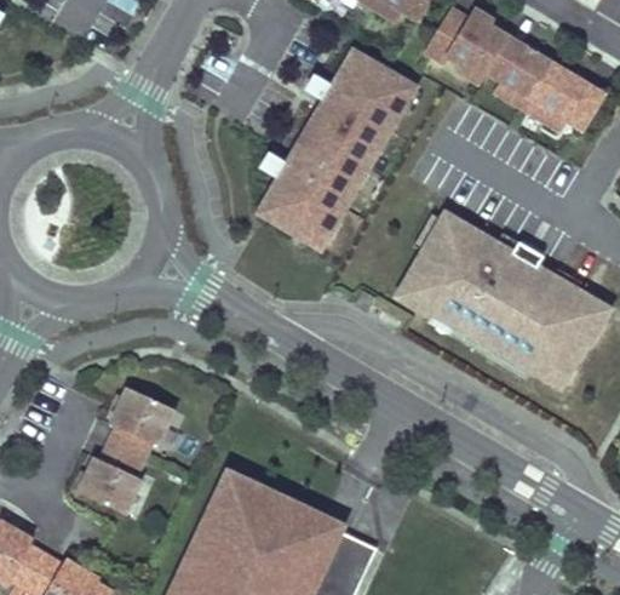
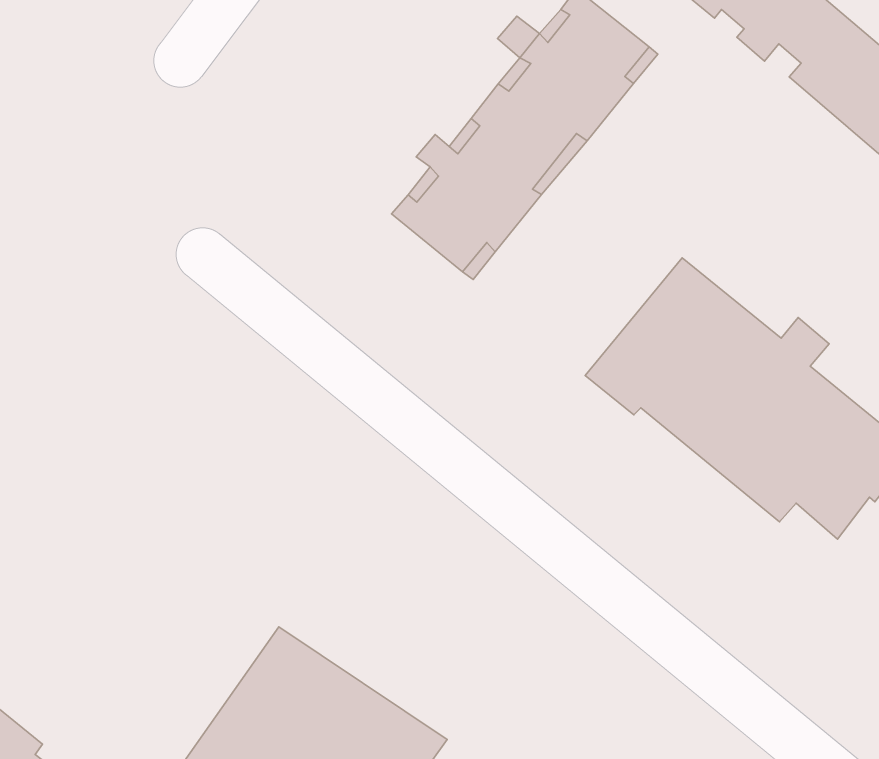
building: [79,385,174,513] -> none

